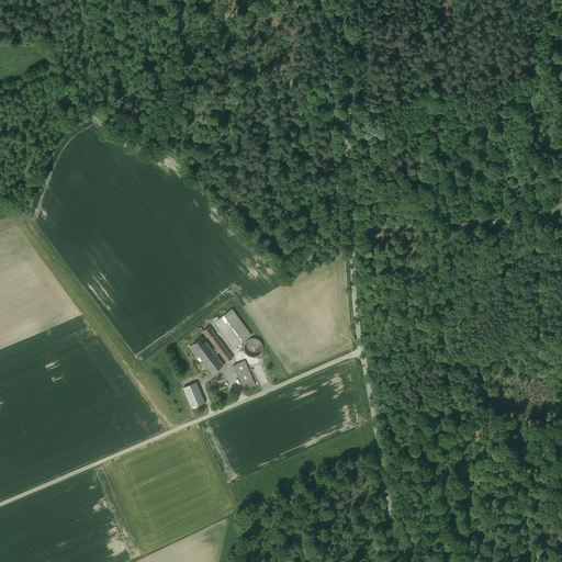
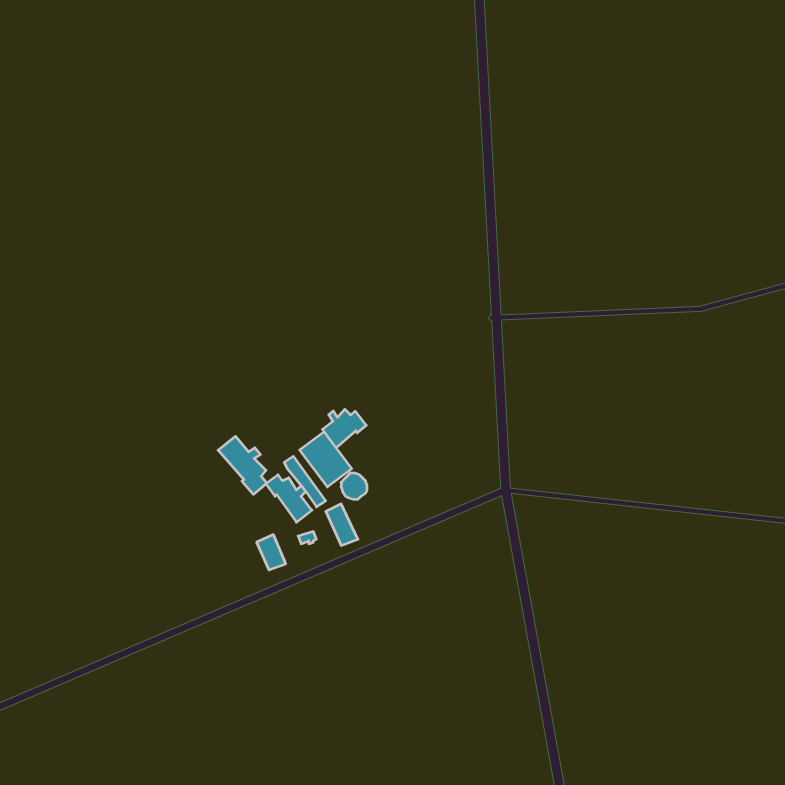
building: none -> [322,409,366,448]
building: none -> [218,436,267,494]

